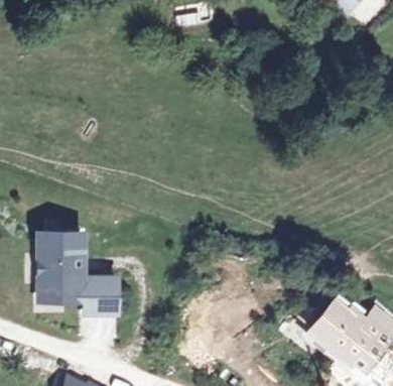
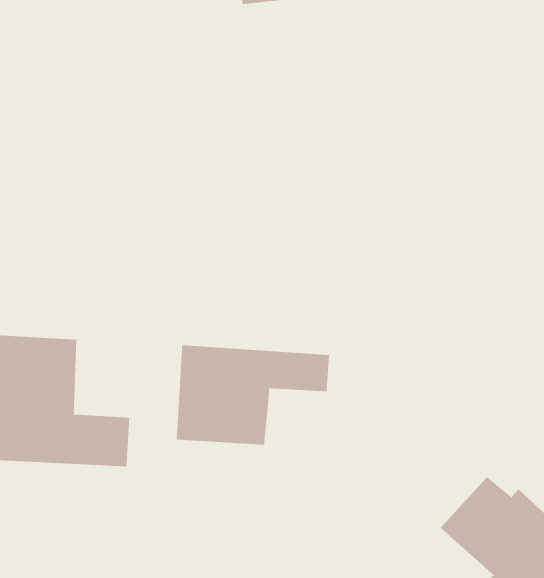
building: none -> [176,344,329,446]

